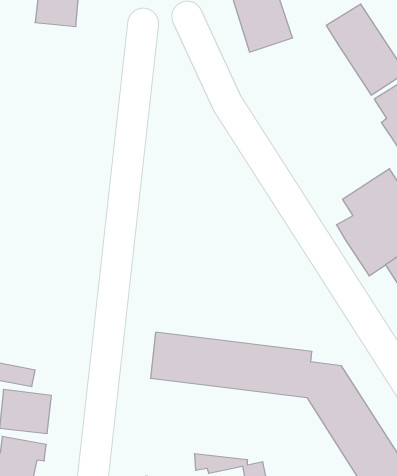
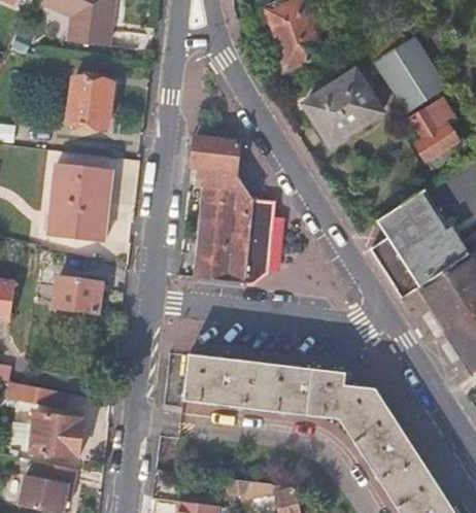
building: none -> [303,69,382,146]
building: none -> [68,78,112,127]
building: none -> [191,135,273,284]
building: none -> [45,162,113,242]
building: none -> [54,277,102,313]

